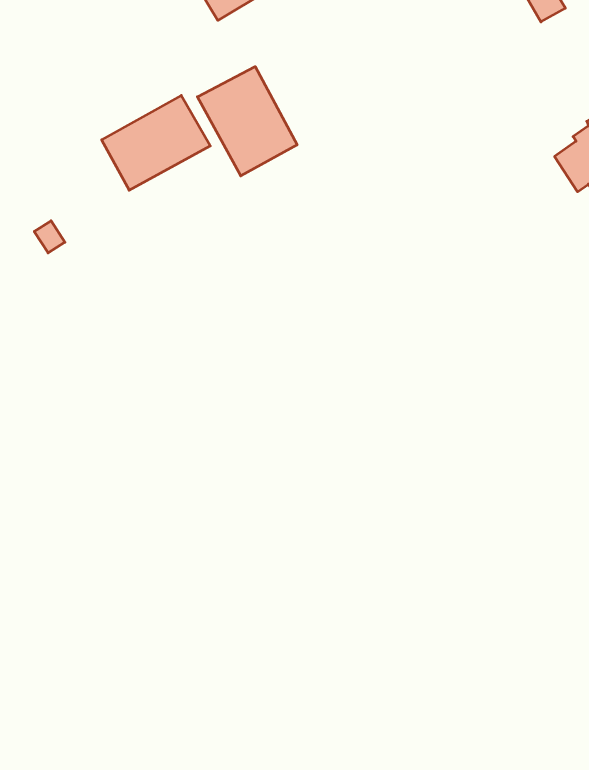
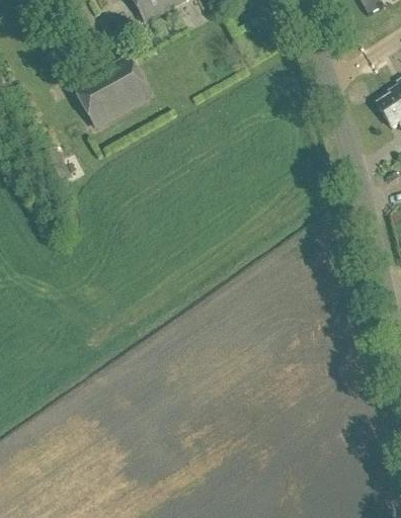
building: [197,67,297,176] -> none

